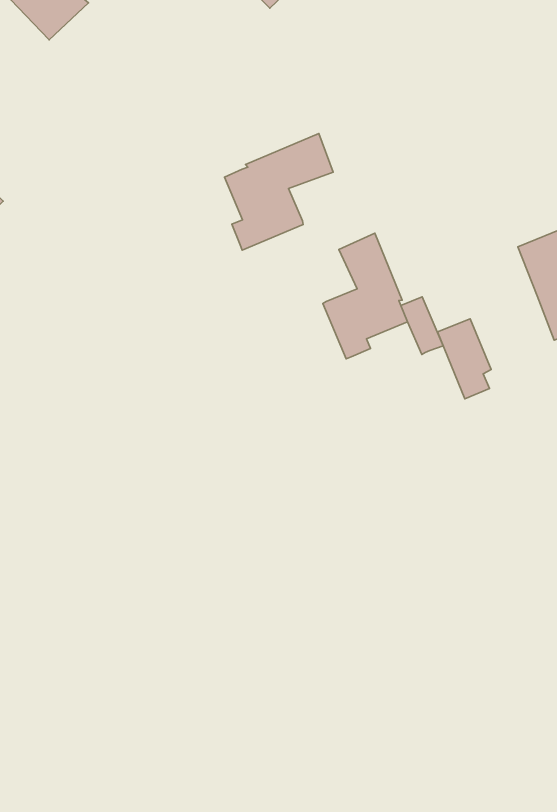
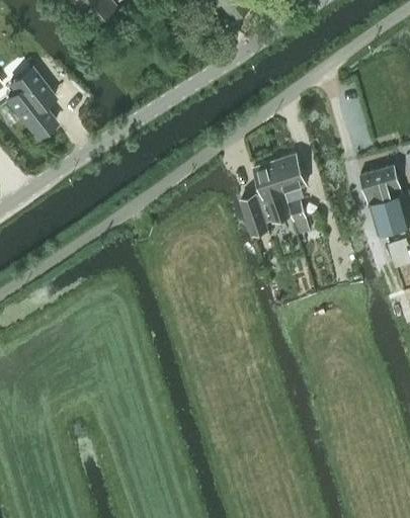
building: [225,133,333,250] -> none
building: [437,319,491,399] -> [275,156,306,203]

